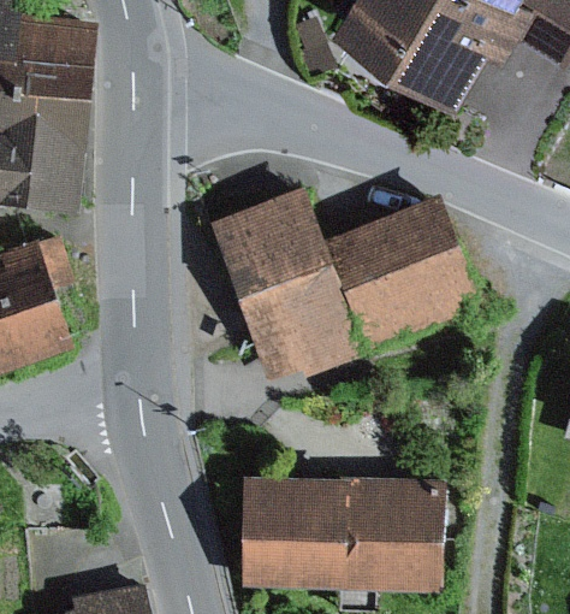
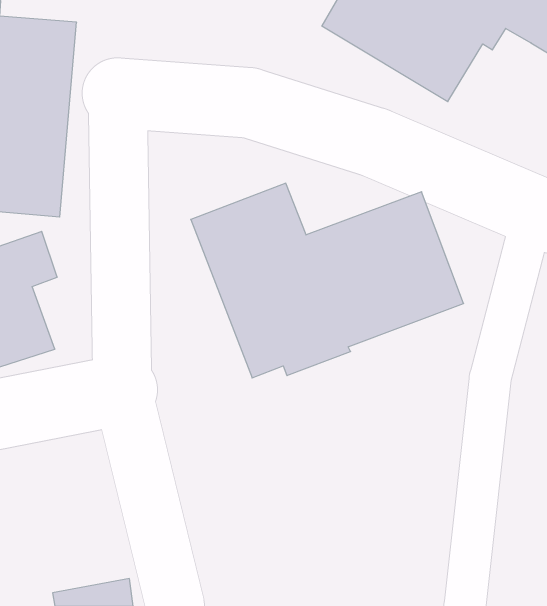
building: [236,477,444,597] -> none

